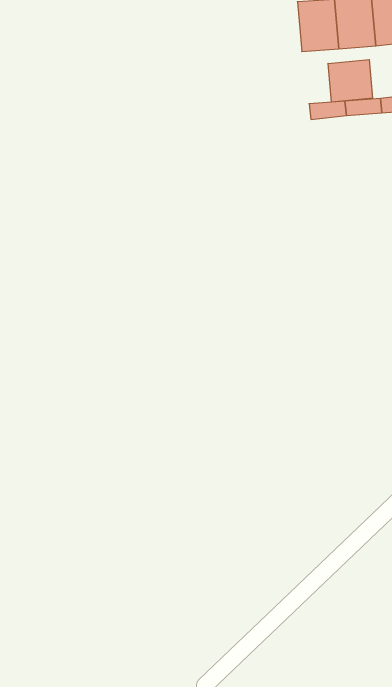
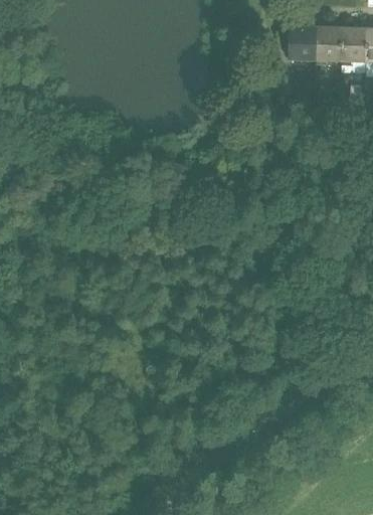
building: [328,60,373,102] -> none

